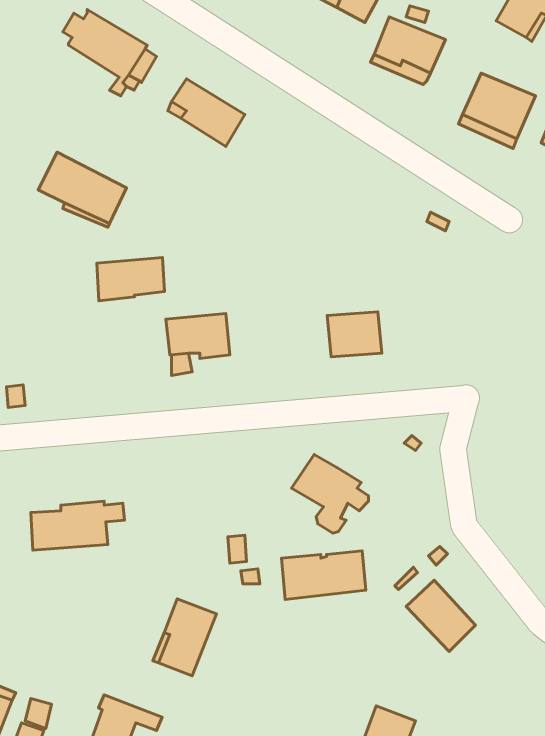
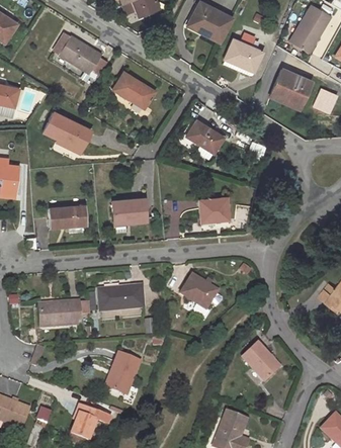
building: none -> [186,119,224,159]
building: [97,258,164,301] -> [50,204,86,228]
building: [281,551,366,600] -> [98,284,144,310]

